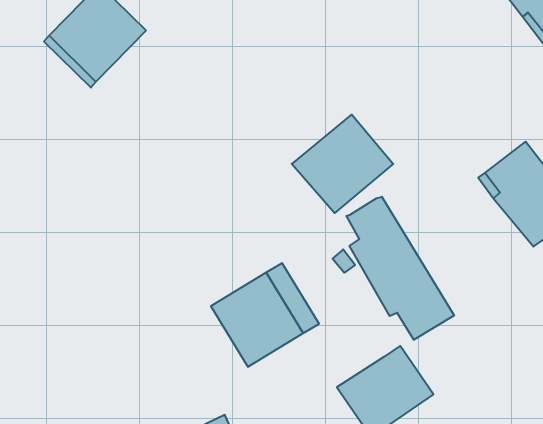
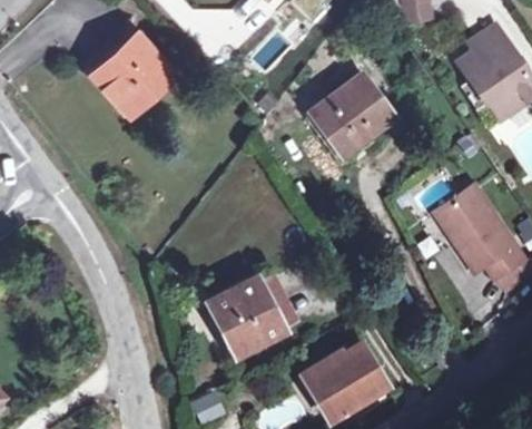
building: [292,115,393,213] -> [311,74,393,153]
building: [346,197,454,340] -> none

